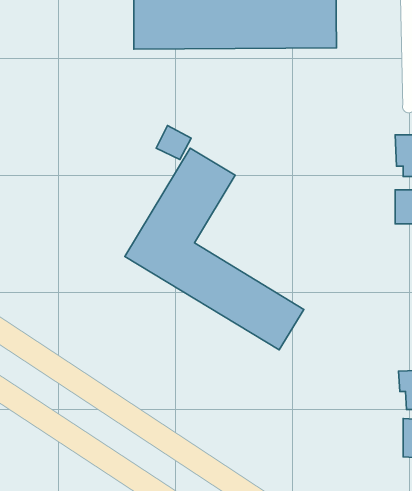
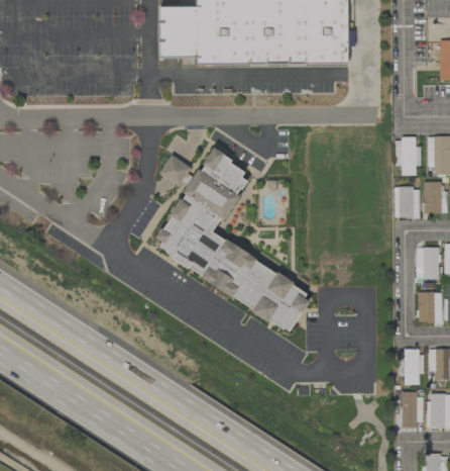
building: [156,126,191,159] -> [159,155,191,185]

